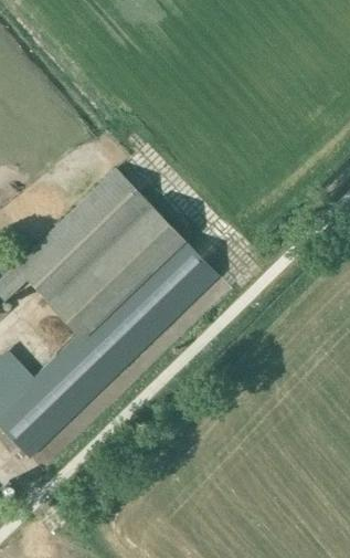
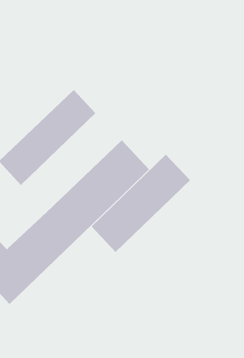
building: [46,201,180,334] -> [91,154,191,253]

